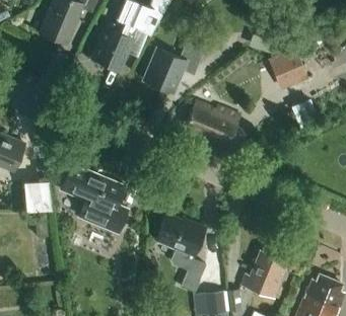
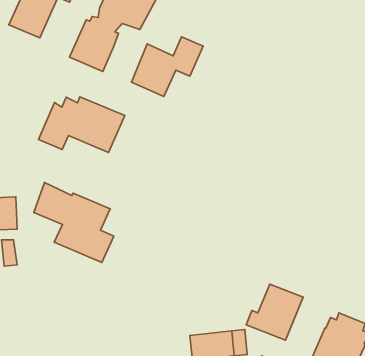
building: [267,48,307,89] -> none
building: none -> [38,97,125,153]
building: [186,102,239,150] -> none
building: [156,215,206,292] -> none

